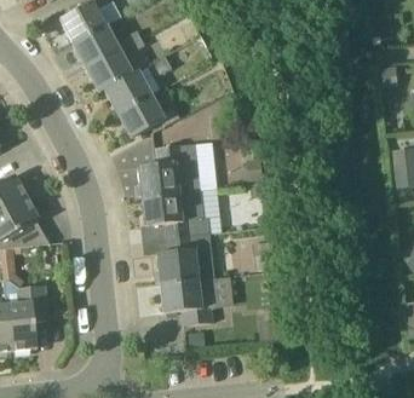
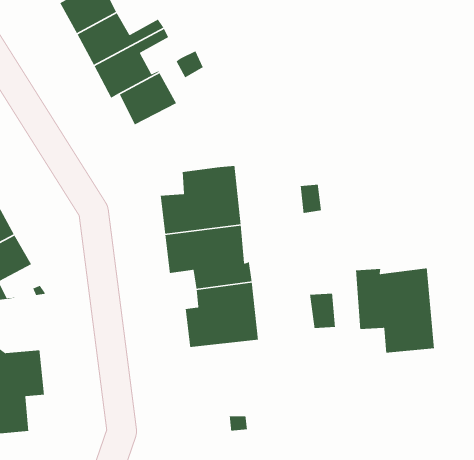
building: [117,96,179,137] -> none
building: none -> [355,268,435,353]
building: [160,277,215,324] -> none

